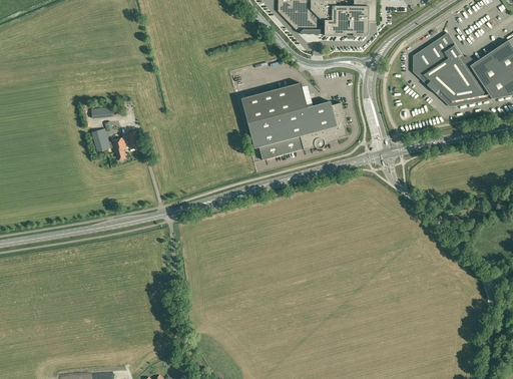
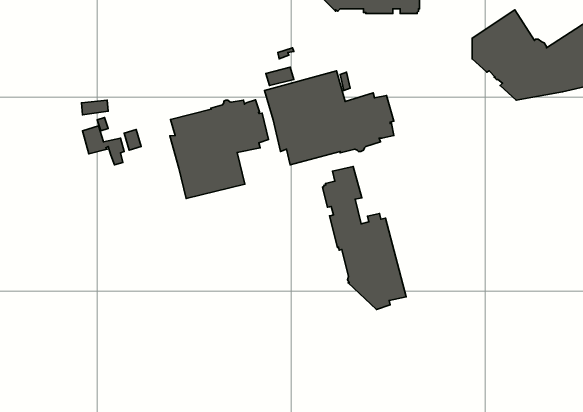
building: none -> [170,100,269,198]
building: none -> [323,166,406,310]

